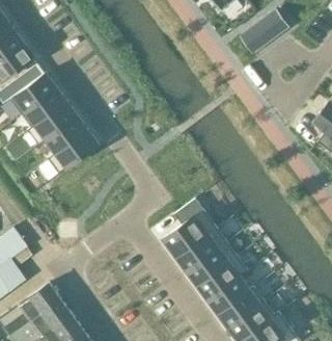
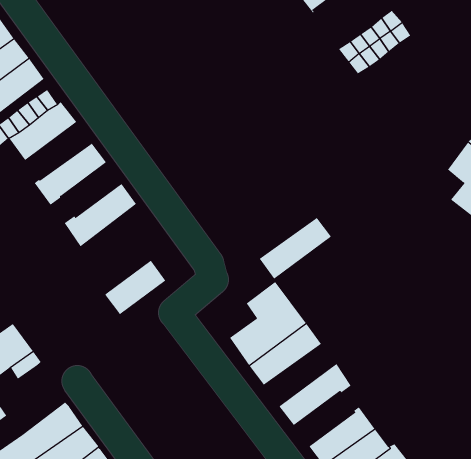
building: [20,87,66,128] -> none
building: [45,115,87,154] -> [105,260,166,315]
building: [186,242,237,286] -> [259,217,332,280]
building: [206,276,249,314] -> none

